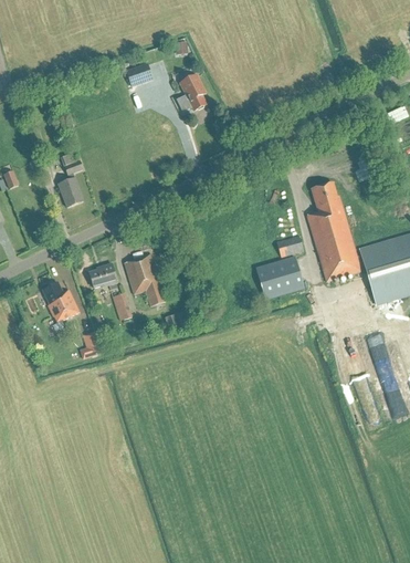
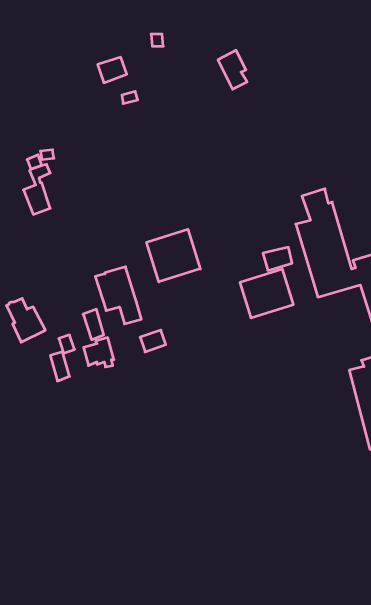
building: [180,74,207,110] -> [218,50,247,89]
building: none -> [147,229,200,282]
building: [90,262,117,289] -> [84,338,114,367]

